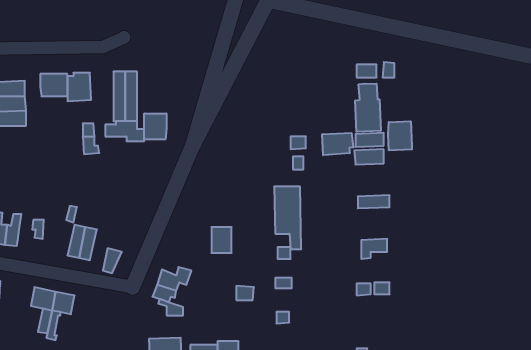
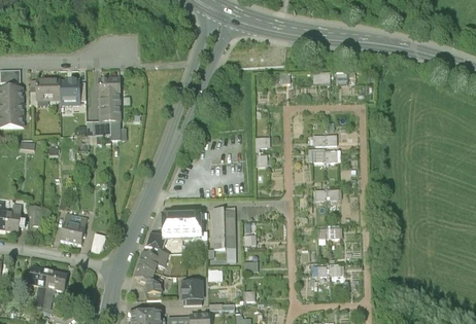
building: [355,84,381,132] -> none
building: [144,113,166,139] -> none
building: [388,121,412,150] -> none
building: [322,133,353,155] -> none
building: [274,187,301,249] -> [211,206,235,260]
building: none -> [169,215,185,238]
building: none -> [183,282,202,304]

